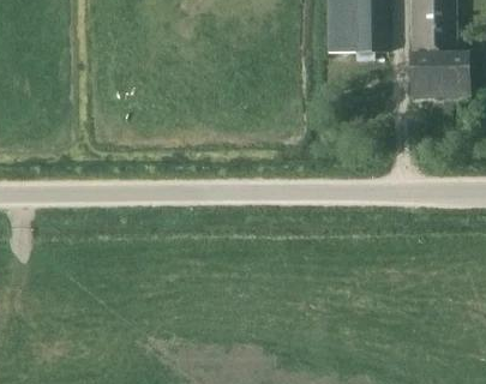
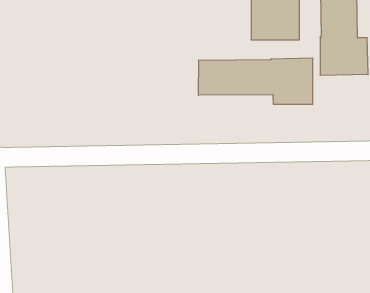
building: none -> [199,58,312,105]

